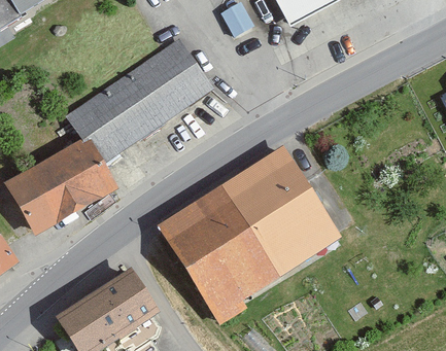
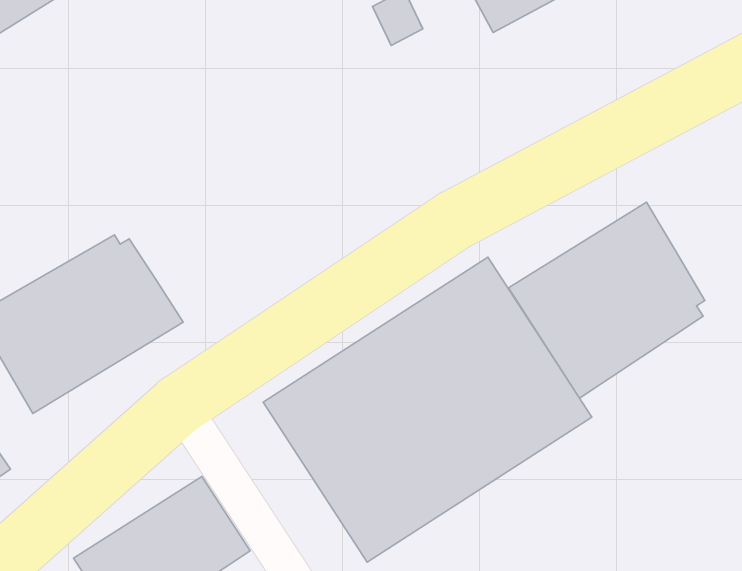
building: [63,36,212,162] -> none
building: none -> [508,202,705,398]

